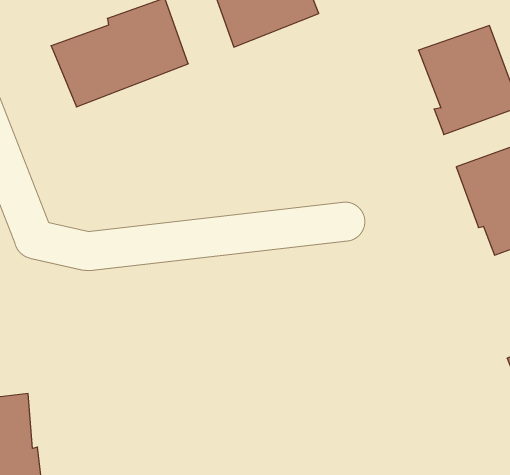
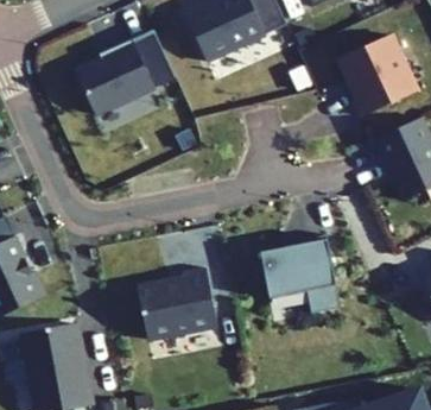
building: none -> [260,235,342,315]
building: none -> [138,269,218,339]

